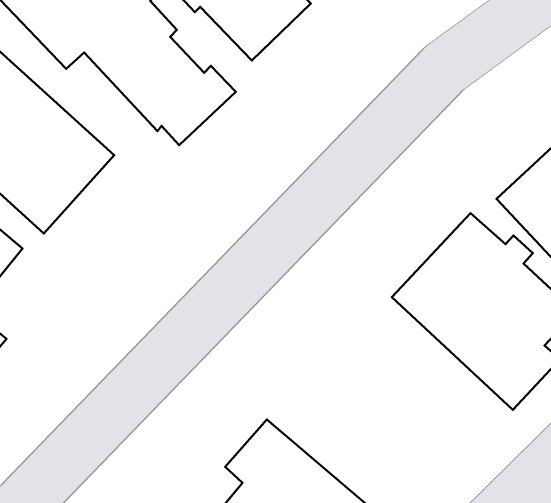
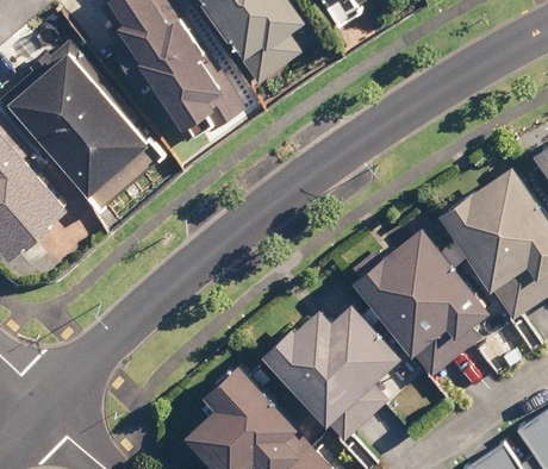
building: none -> [259,302,403,429]

